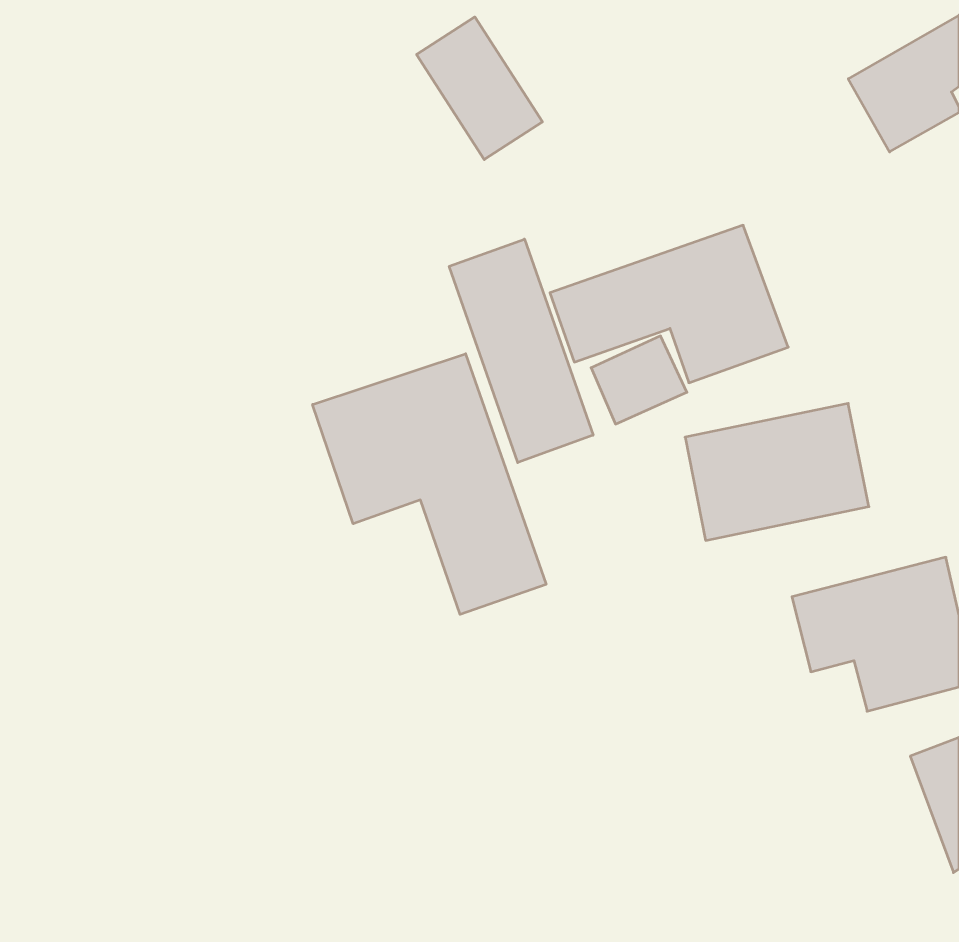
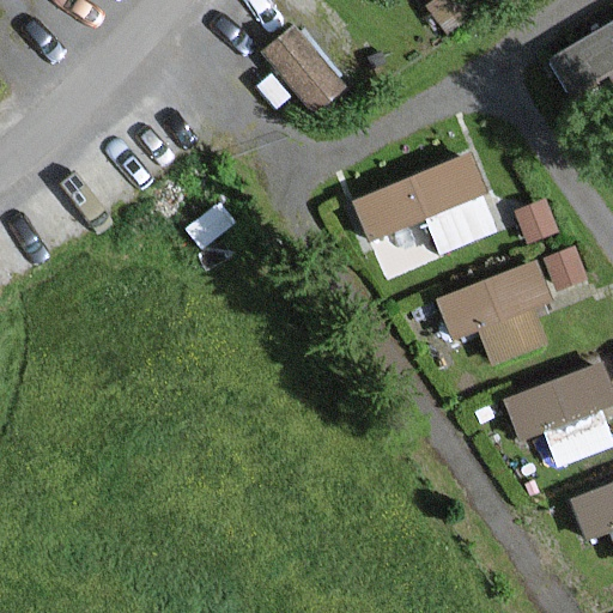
building: [449,239,593,463] -> none
building: [313,354,546,614] -> none

